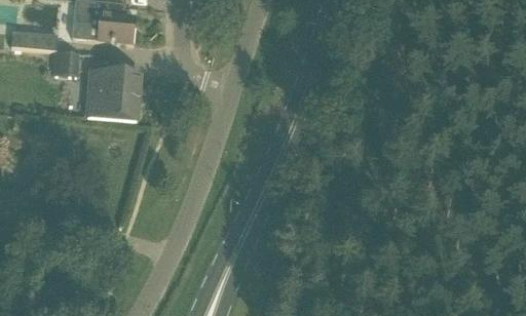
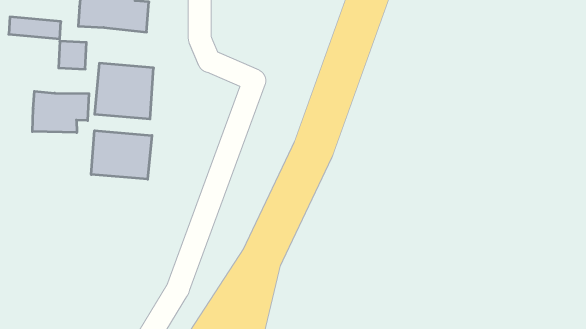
building: none -> [32,91,89,133]
building: none -> [91,131,152,179]

